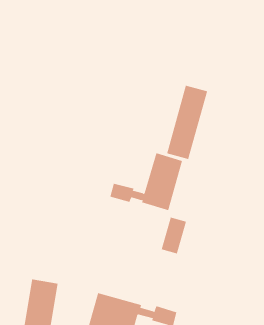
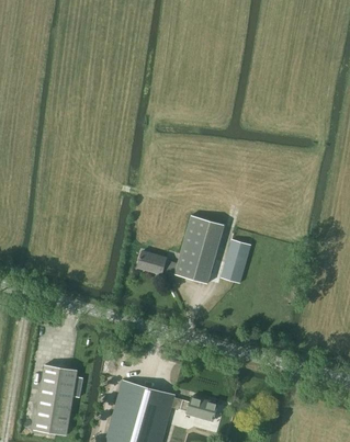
building: [166,85,208,160] -> none
building: [161,217,187,254] -> [221,239,251,283]

